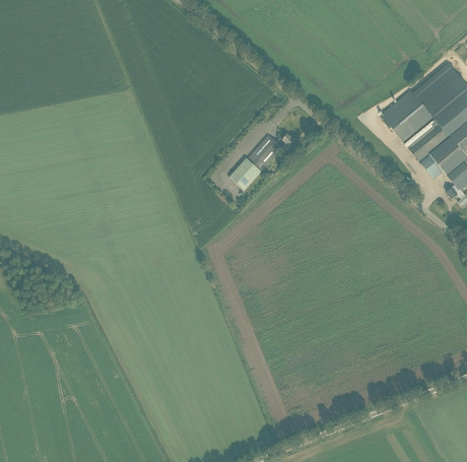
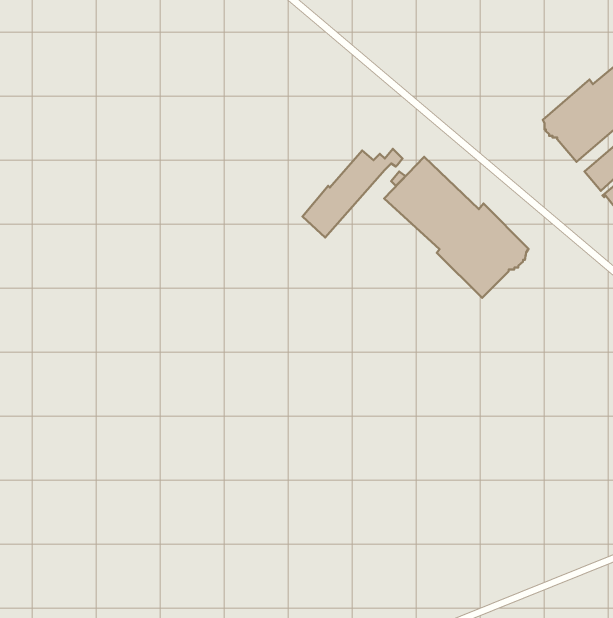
building: none -> [384,157,529,298]

